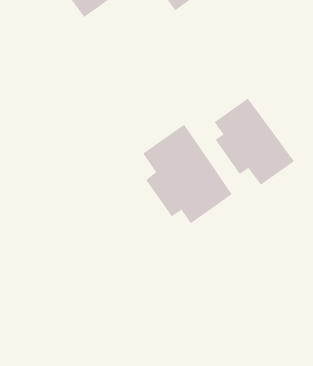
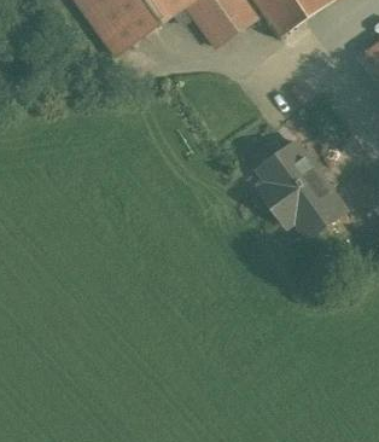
building: [143,124,232,224] -> none

